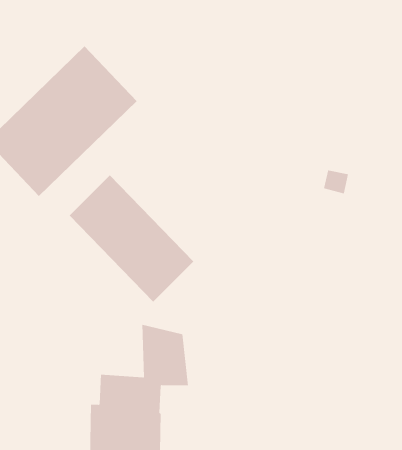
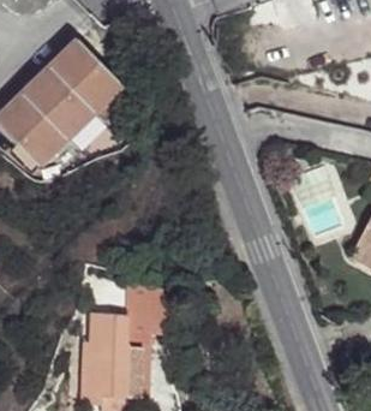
building: [69,174,194,303] -> none

